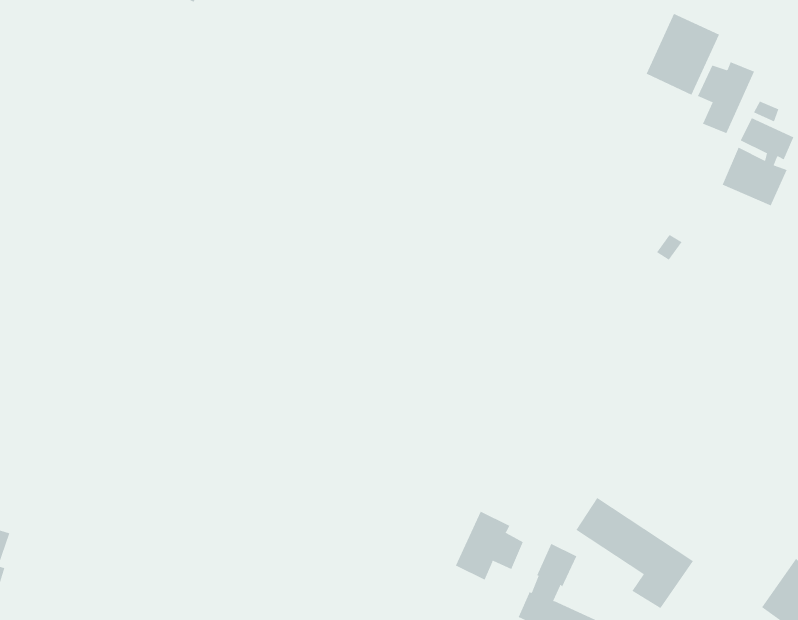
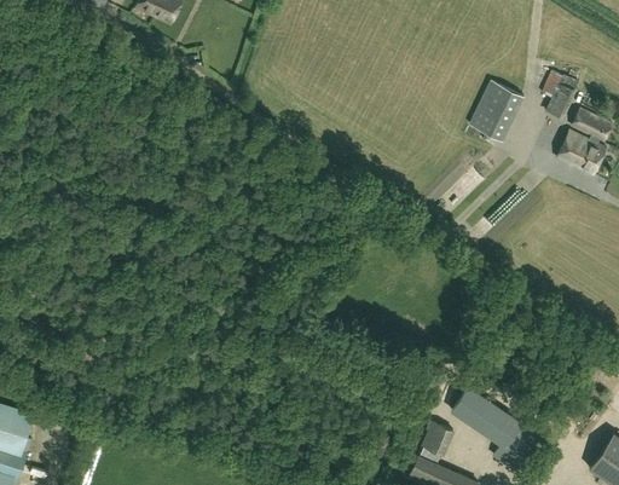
building: [646,13,720,95] -> [469,79,523,139]
building: [455,511,523,581] -> none

